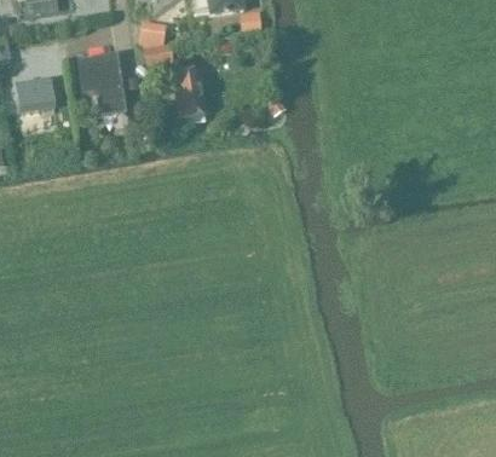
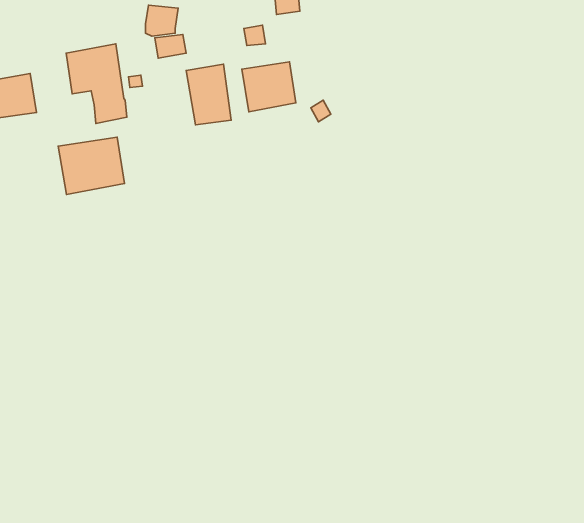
building: none -> [242,62,296,112]
building: none -> [58,137,124,194]

